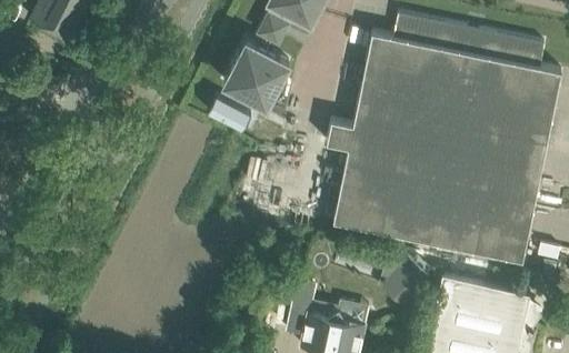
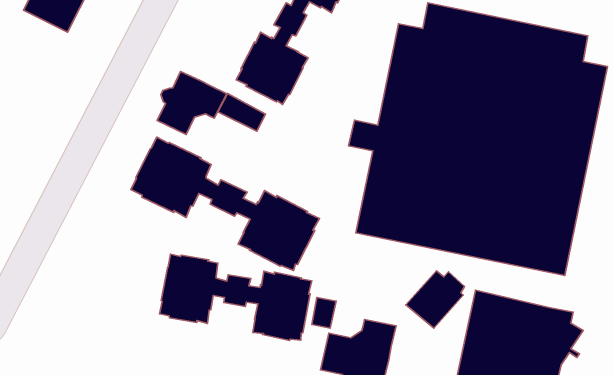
building: none -> [157,71,227,135]
building: none -> [131,137,320,271]
building: none -> [160,254,312,340]

